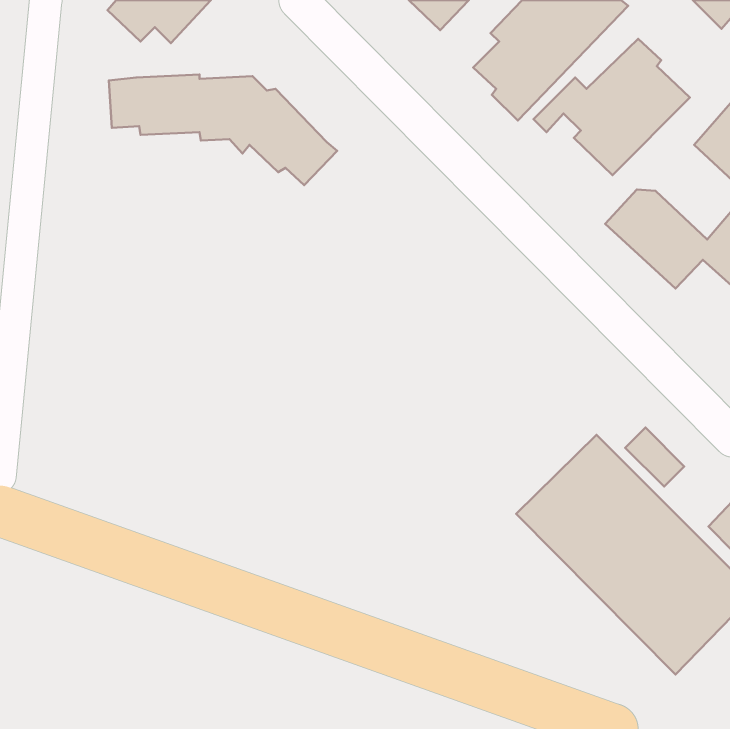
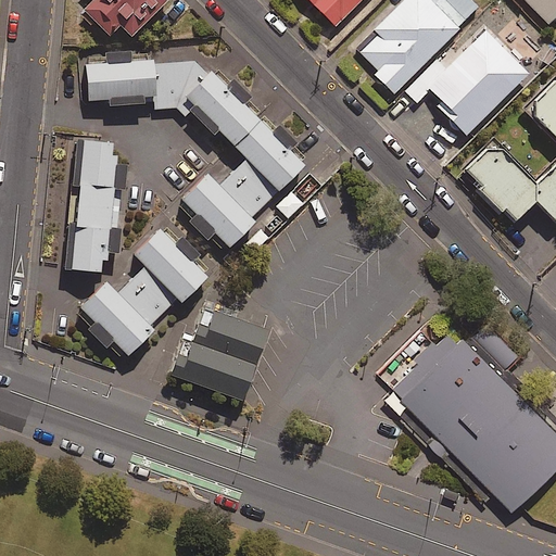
building: none -> [180,117,304,243]
building: none -> [63,138,123,269]
building: none -> [79,228,203,352]
building: none -> [172,313,268,402]

